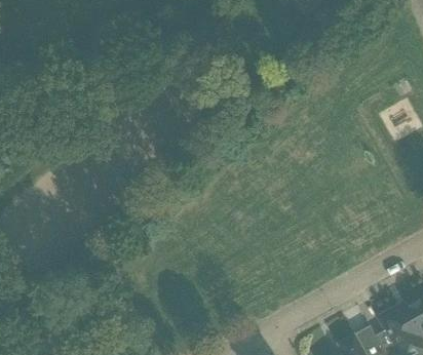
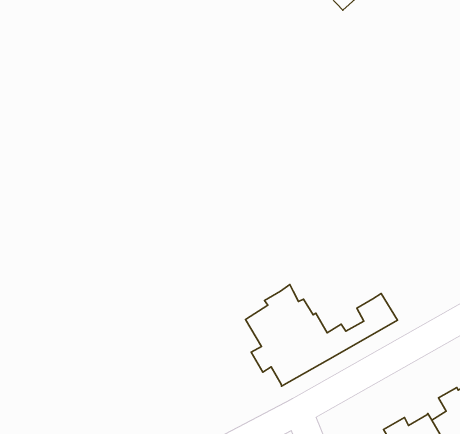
building: none -> [245,285,397,386]

